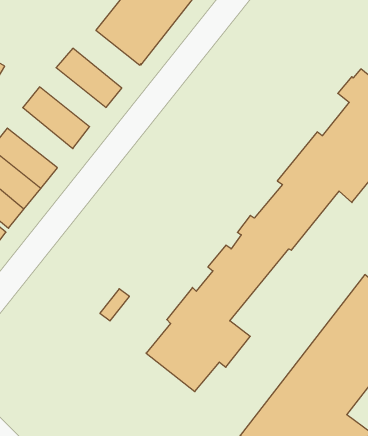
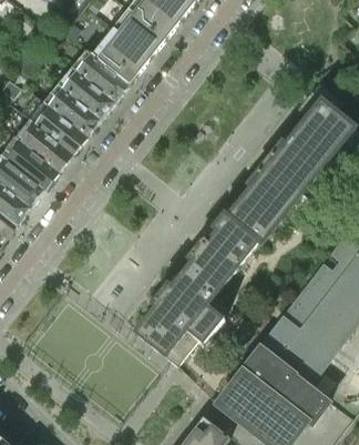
building: none -> [72,48,130,102]
building: none -> [43,84,101,135]
building: none -> [16,119,72,171]

